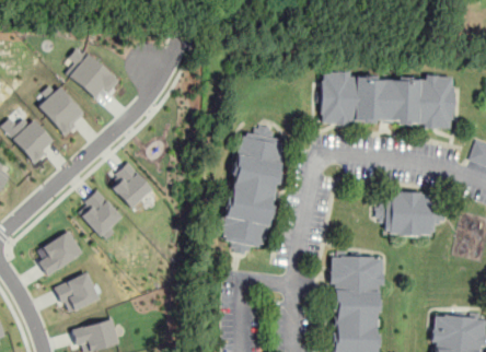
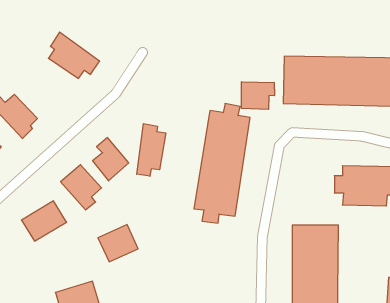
building: [35,86,86,134] -> none
building: none -> [242,82,274,109]
building: none -> [137,124,166,176]
building: [56,272,100,313] -> [98,225,138,262]

